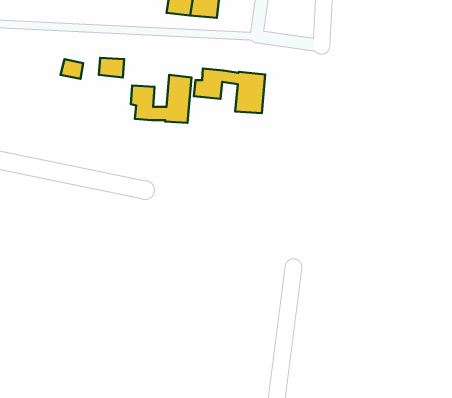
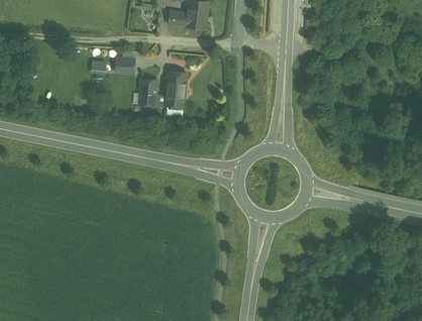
building: [194,69,265,113] -> none

